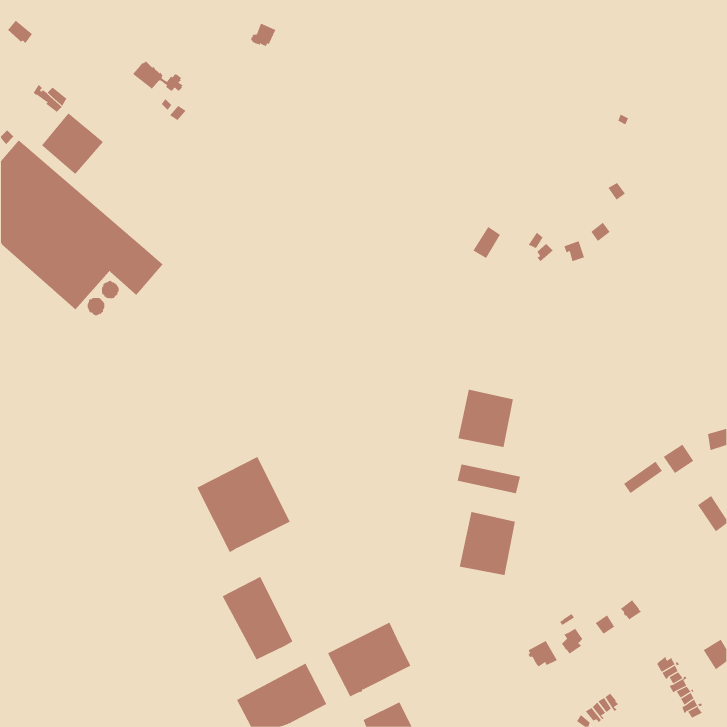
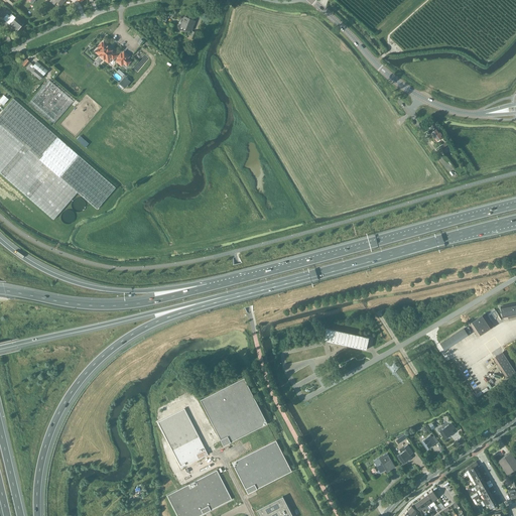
building: [458,389,513,448] -> none
building: [197,456,291,553] -> [201,378,267,446]
building: [459,511,516,576] -> none

